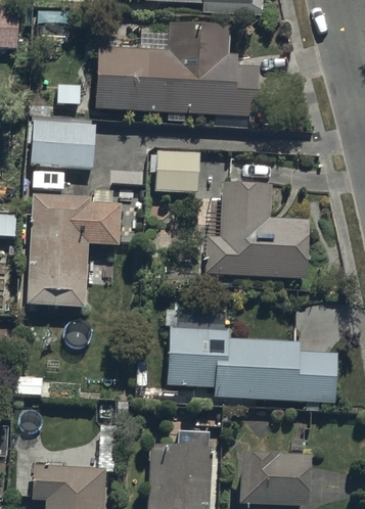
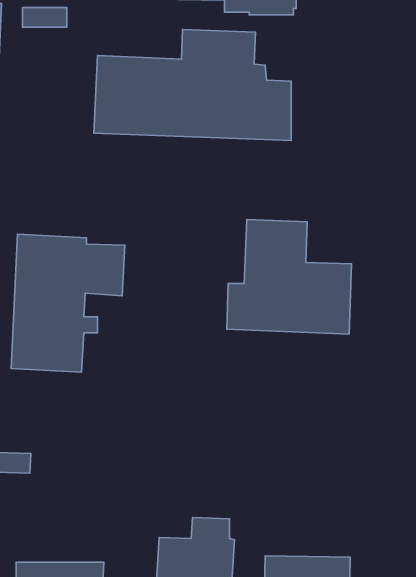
building: [32,120,96,165] -> none
building: [150,146,199,191] -> none
building: [165,308,336,403] -> none

